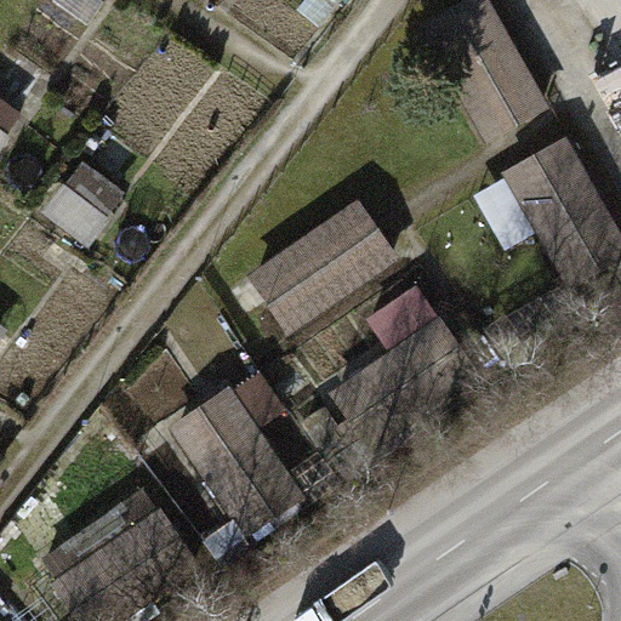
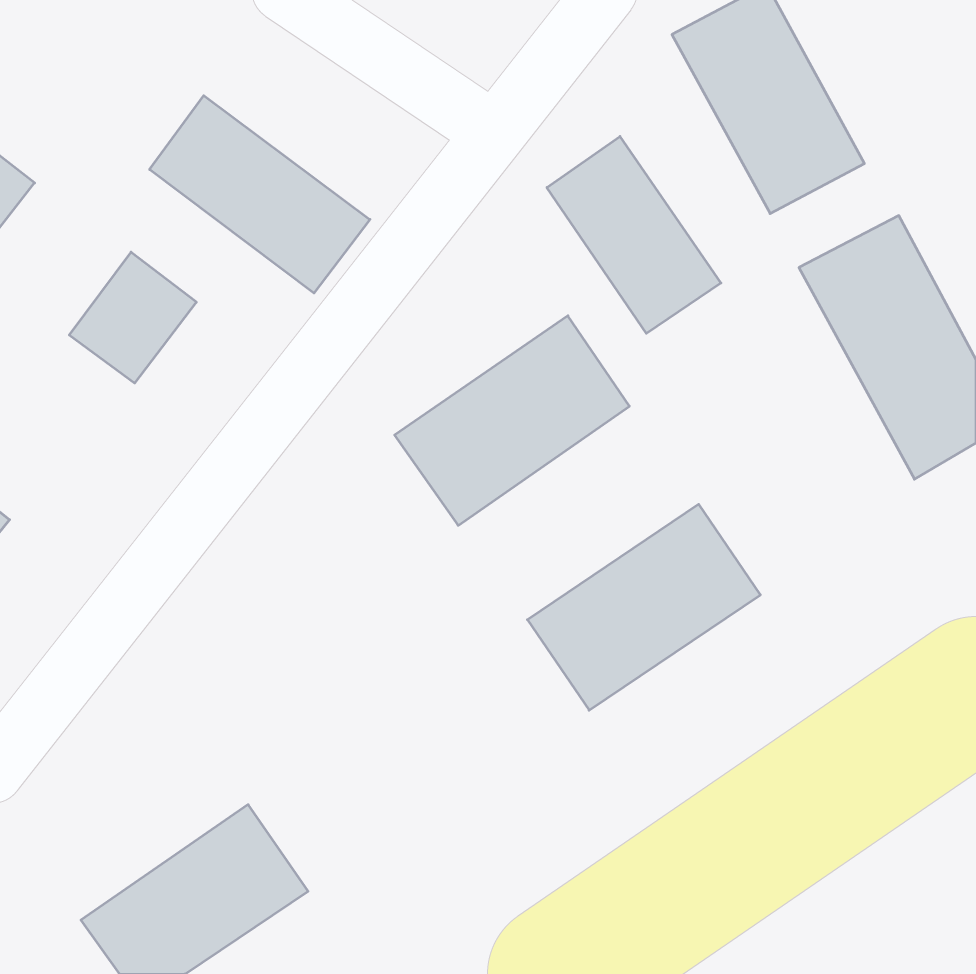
building: none -> [150,96,370,293]
building: none -> [547,136,721,333]
building: [170,386,303,534] -> none

